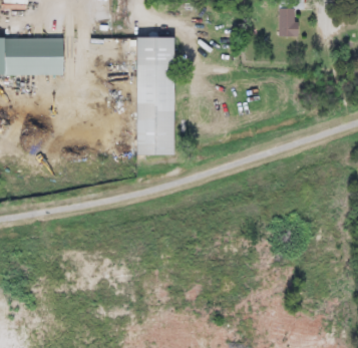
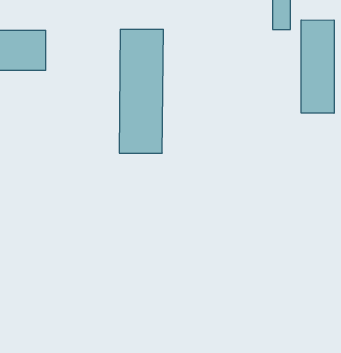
building: none -> [301,20,334,113]

